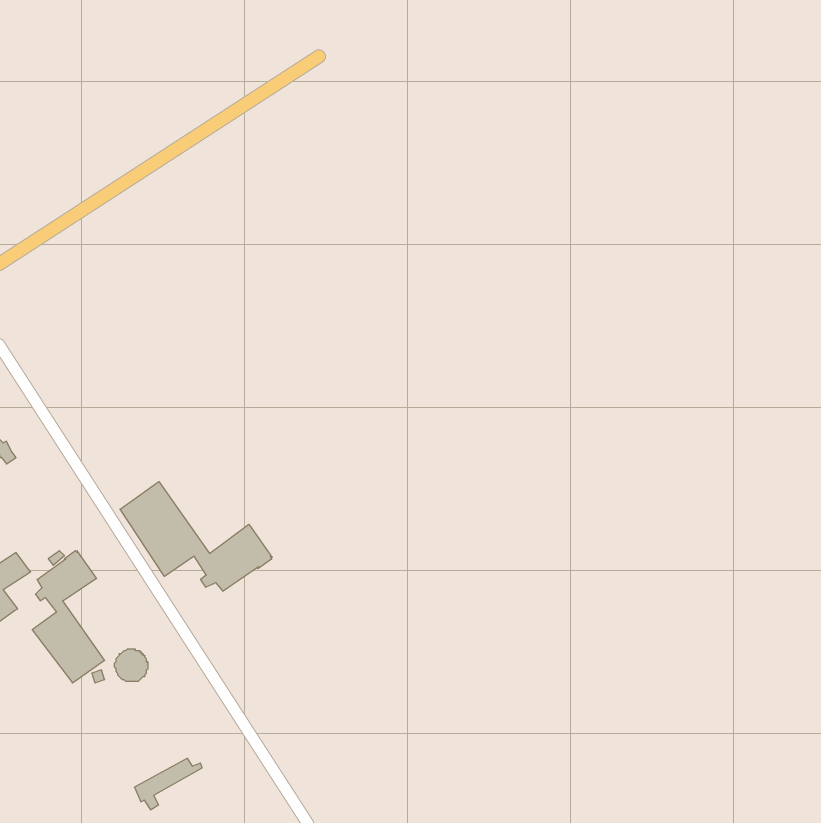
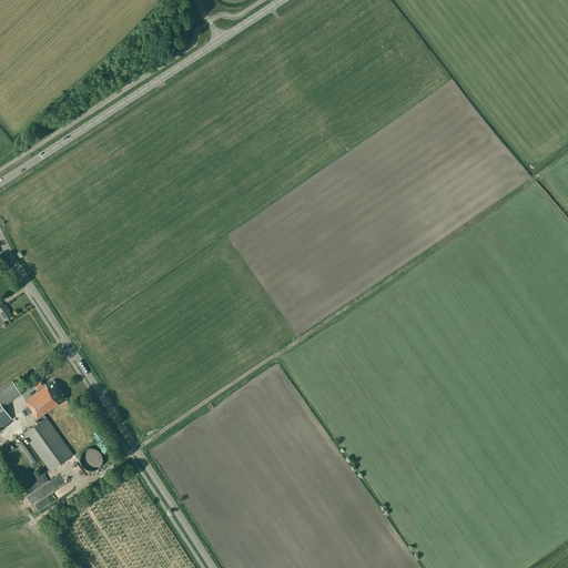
building: [120,482,272,591] -> none
building: [134,758,202,810] -> [24,476,71,511]

